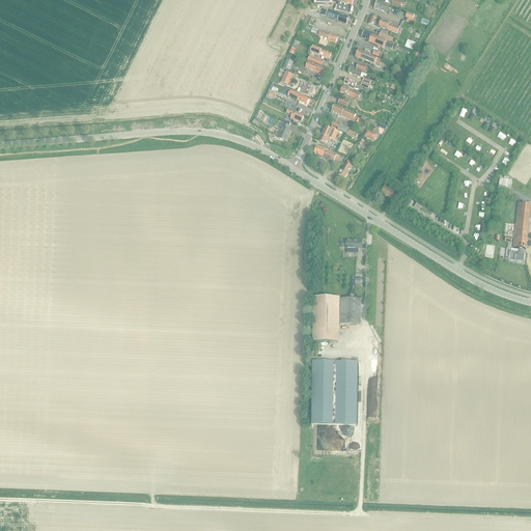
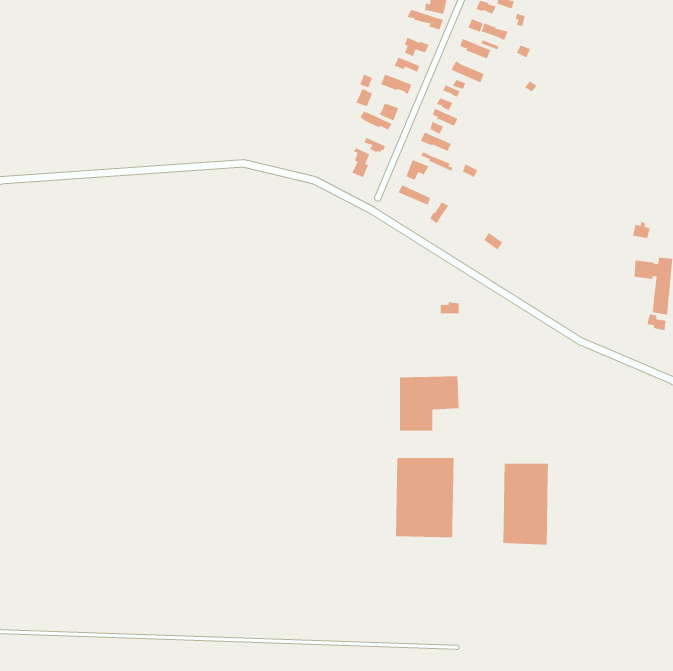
building: none -> [503,463,548,545]

